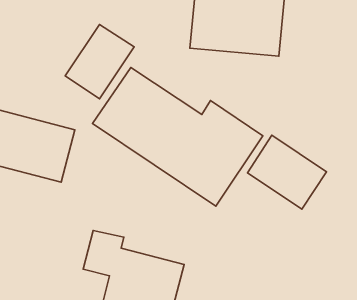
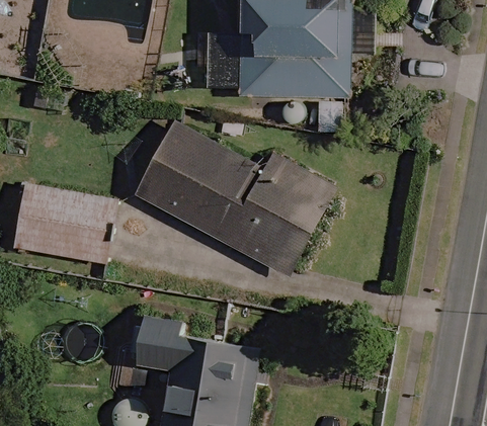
building: [65,24,134,99] -> none
building: [248,135,327,209] -> none

